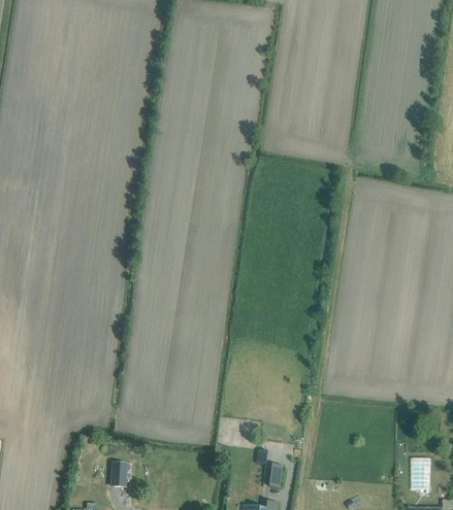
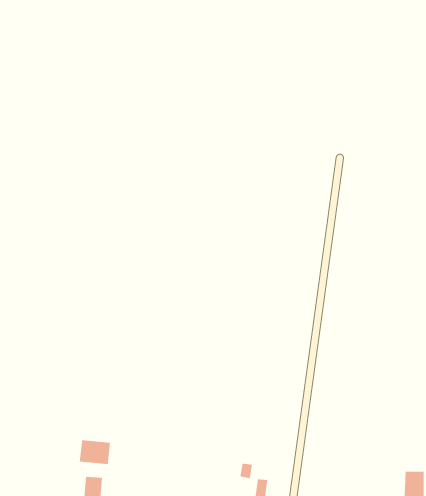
building: none -> [79,440,111,465]

